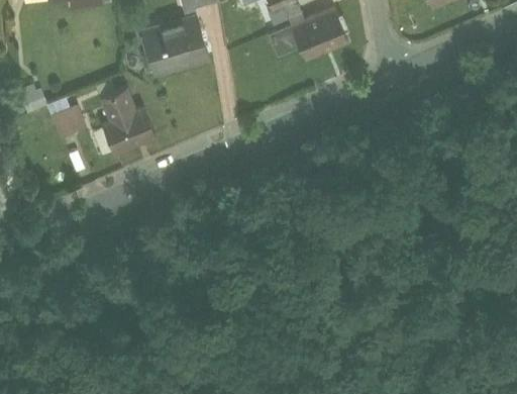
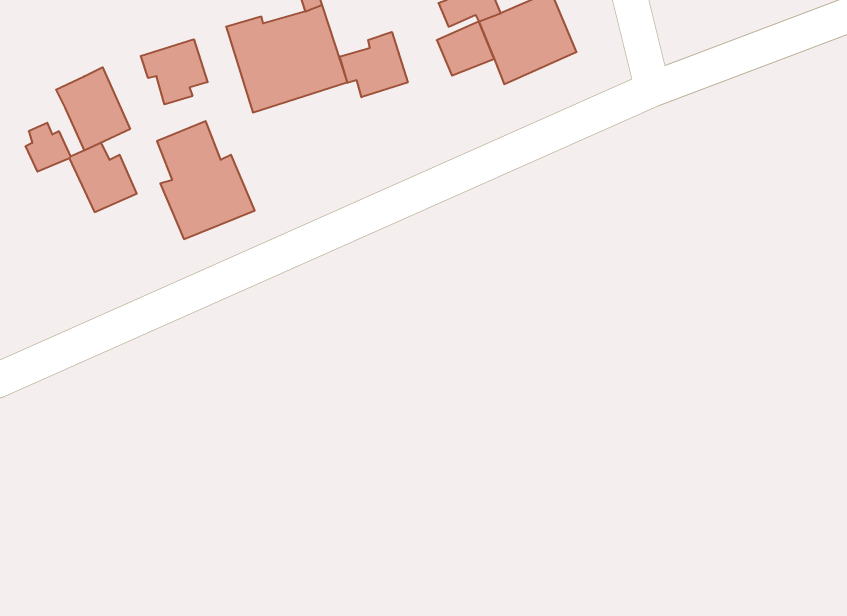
building: none -> [340,32,408,97]
building: none -> [141,39,208,104]
building: none -> [56,67,130,150]

